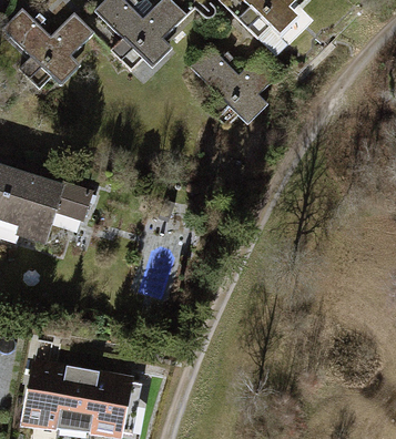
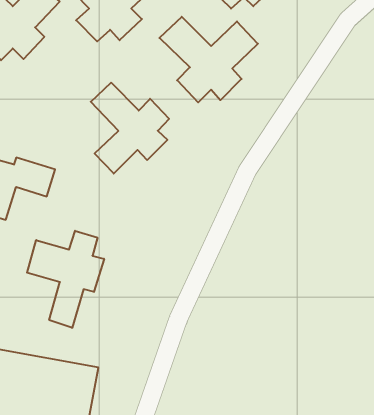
building: none -> [91,83,169,174]
building: none -> [27,231,104,328]

